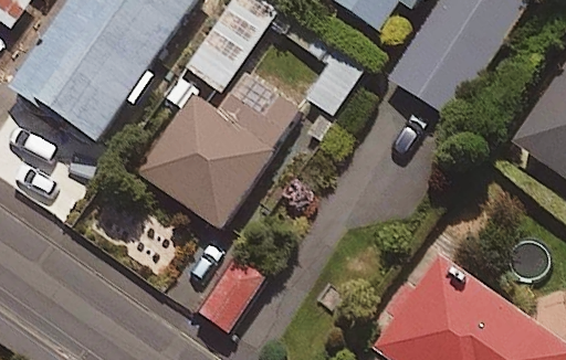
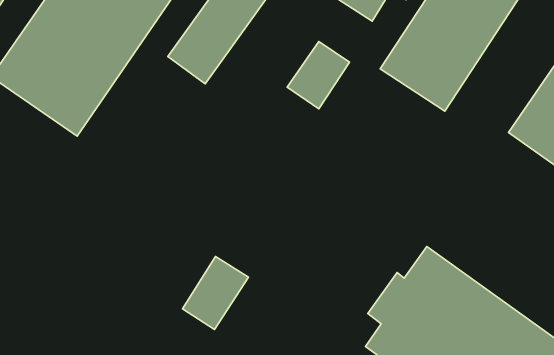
building: [140,68,303,227] -> none

